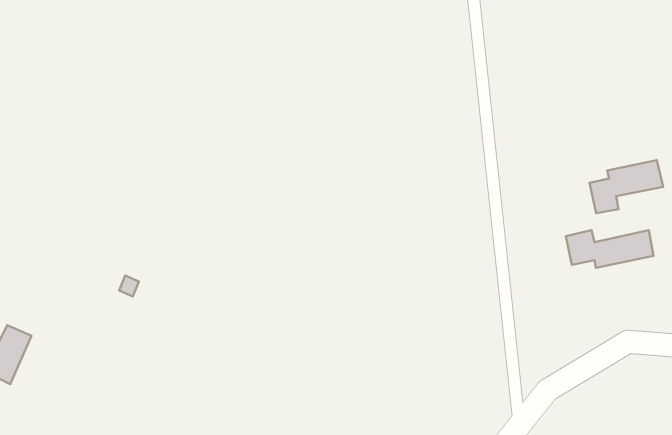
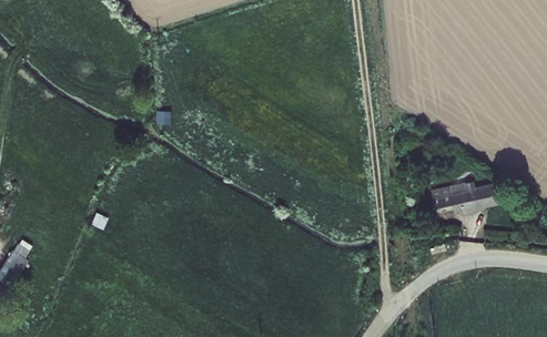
building: [590,160,663,213] -> none

